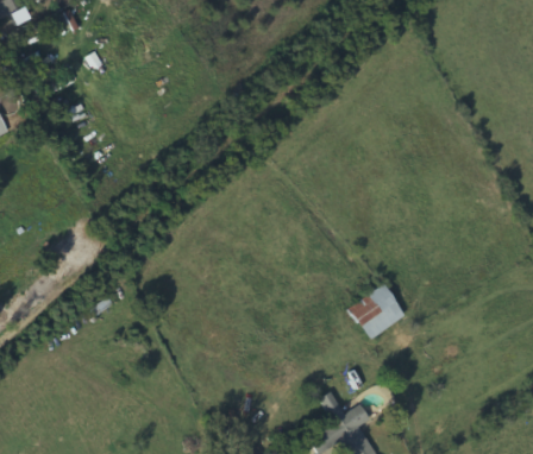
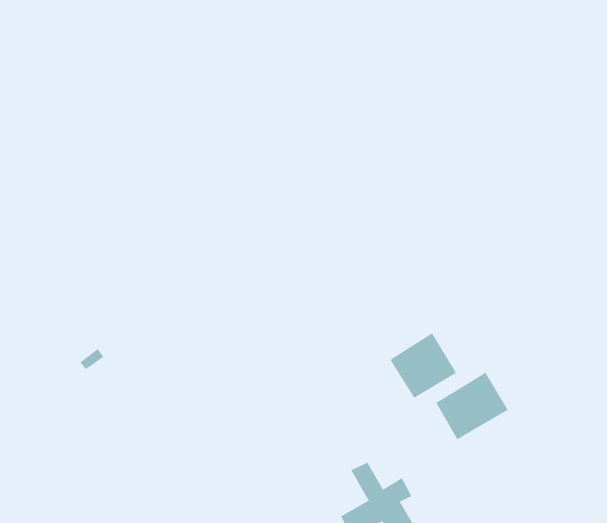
building: none -> [436,372,509,440]

